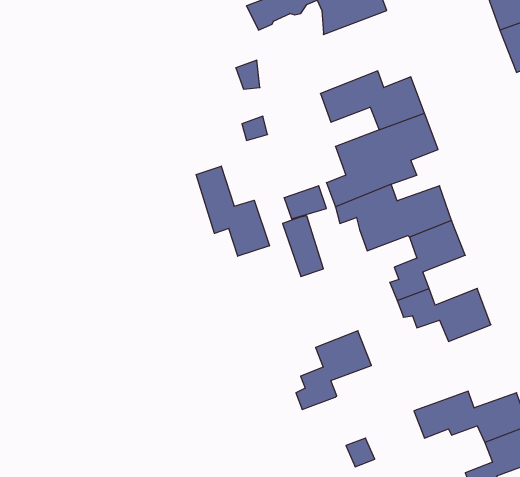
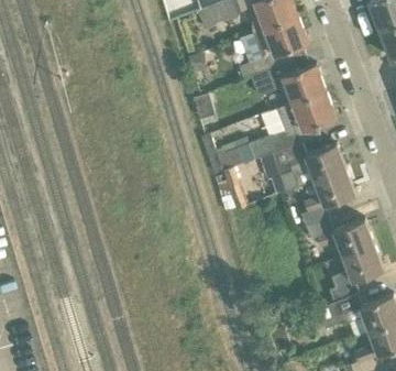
building: none -> [237,17,307,80]
building: [196,166,269,256] -> none
building: [296,331,371,409] -> [328,245,383,303]

